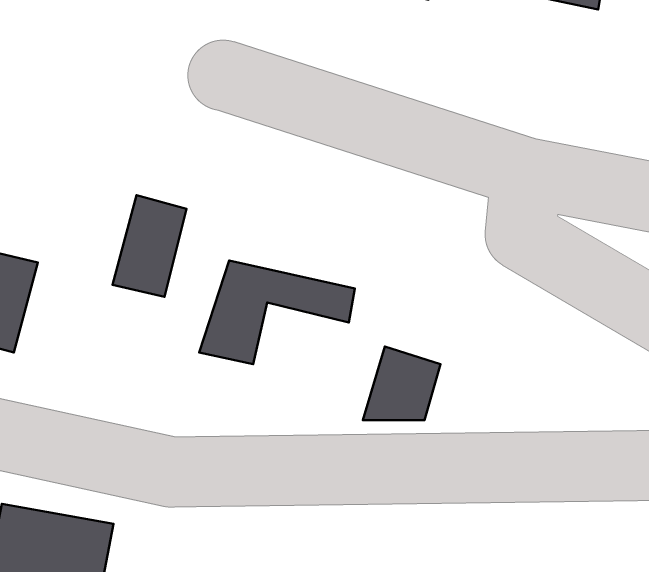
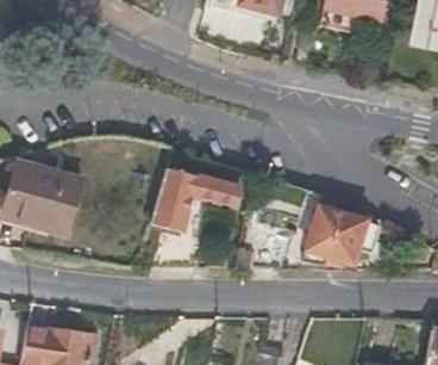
building: [113,195,186,297] -> [35,172,79,233]
building: none -> [300,197,377,262]

